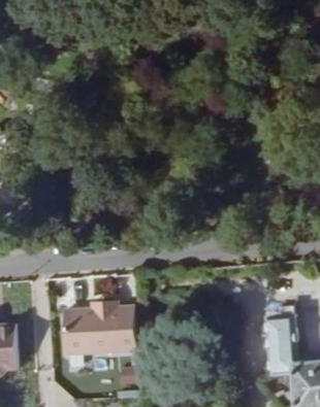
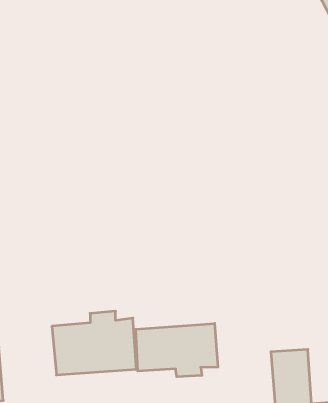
building: none -> [136,323,218,377]

